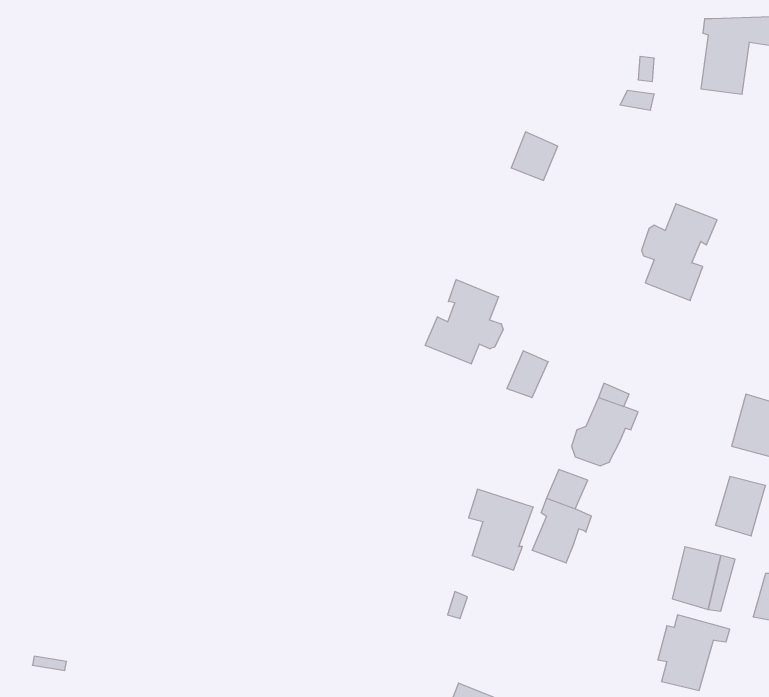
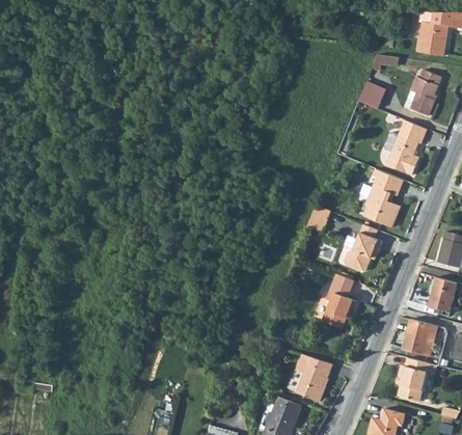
building: none -> [403,69,439,115]
building: [511,132,558,180] -> [359,80,386,108]
building: [425,280,503,364] -> none
building: none -> [363,171,404,227]
building: [469,489,533,570] -> [295,353,332,400]

